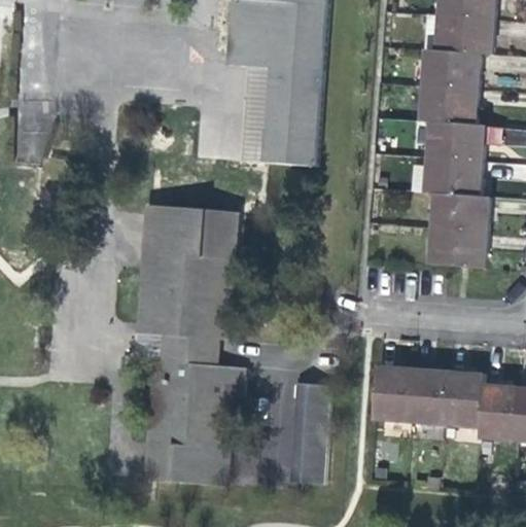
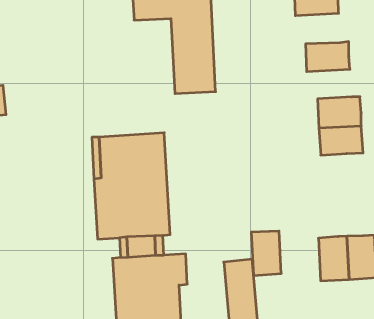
building: [419,84,477,126] -> none
building: [425,156,482,196] -> none
building: [376,364,415,421] -> [251,231,281,275]

